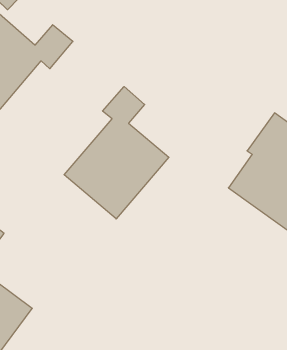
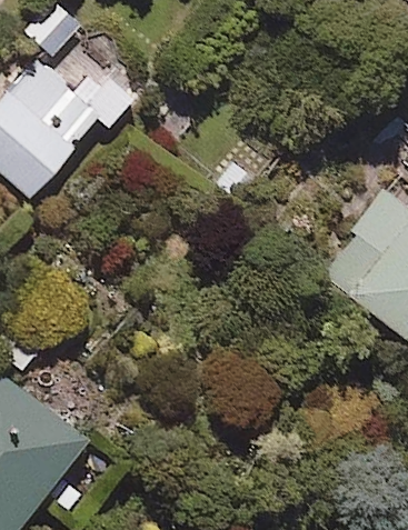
building: [64,87,169,219] -> none

